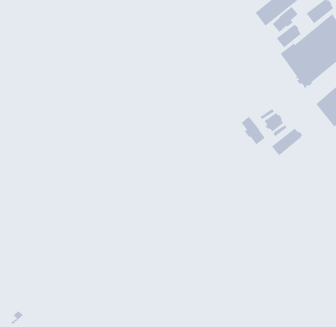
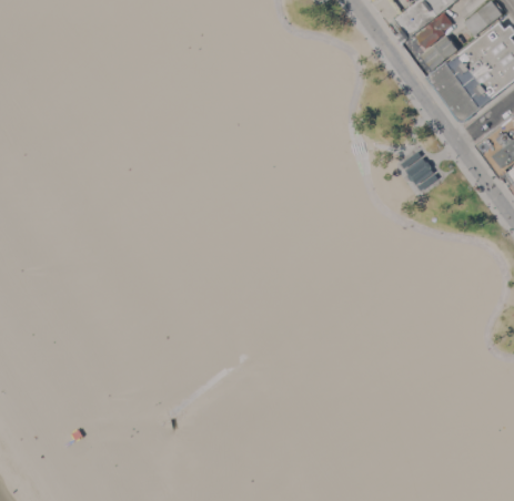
building: [241,116,265,145] -> none
building: [271,128,303,156] -> none

